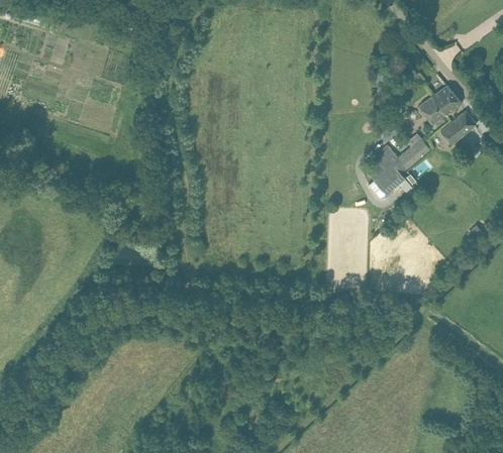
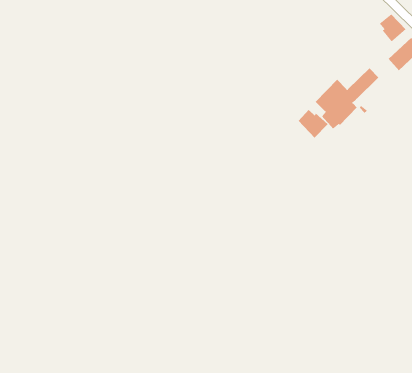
building: [420,94,445,123] -> none
building: none -> [298,109,328,139]

